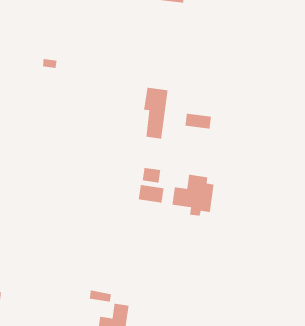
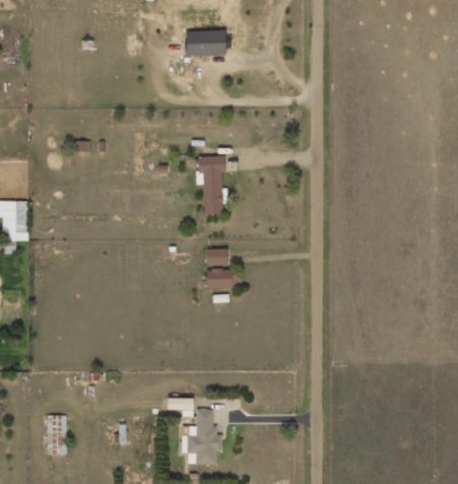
building: [184,113,212,129] -> none
building: [171,174,215,217] -> none

